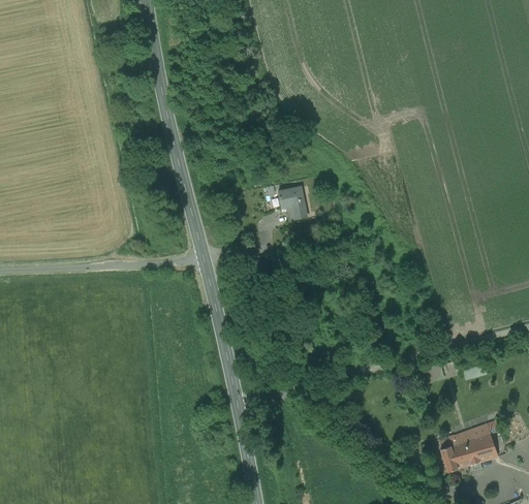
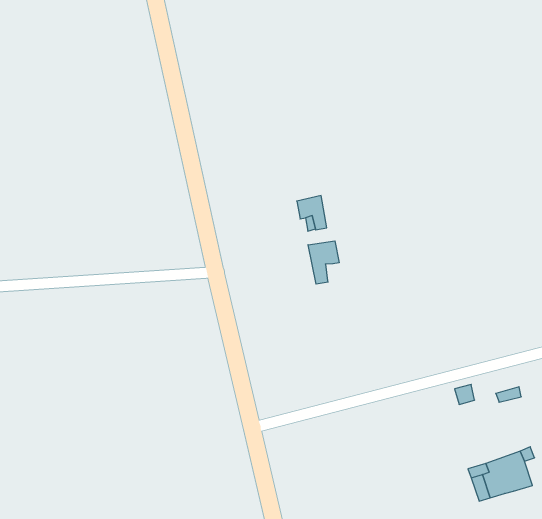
building: none -> [308,241,339,284]

